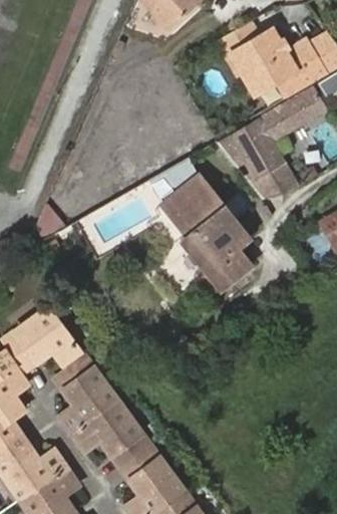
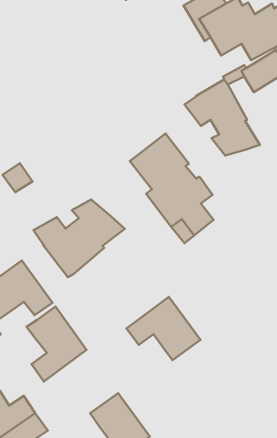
building: none -> [33,200,125,277]
building: [74,401,151,467] -> [126,297,201,360]

